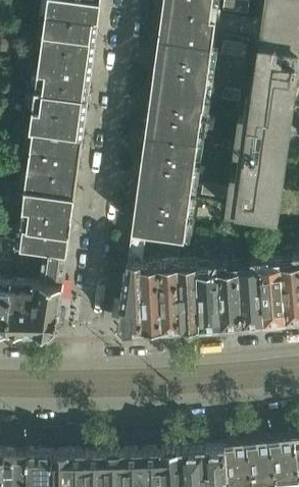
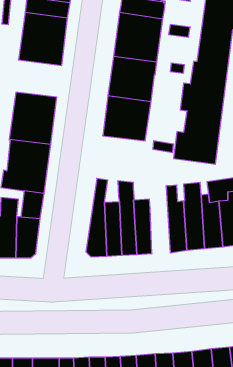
building: [28,96,87,142] -> none
building: [130,188,189,244] -> none
building: [193,251,219,332] -> none

